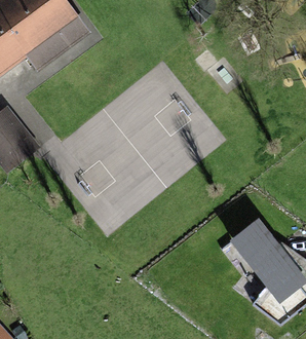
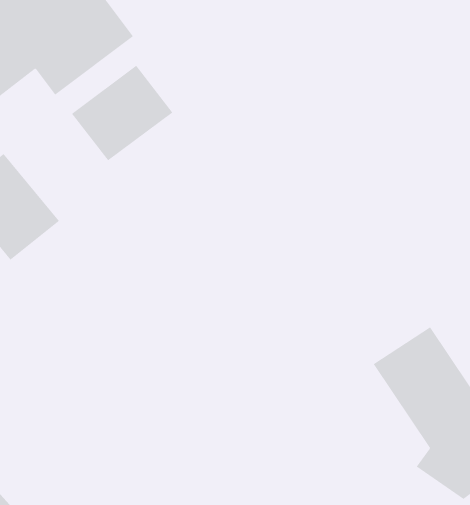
building: none -> [71,65,173,161]

